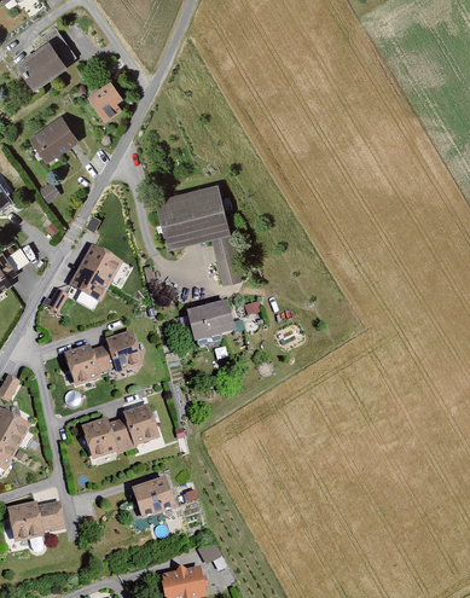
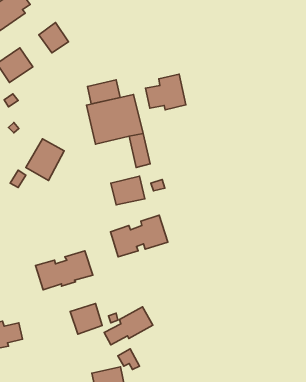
building: none -> [145,74,186,110]
building: none -> [88,80,120,104]
building: [64,327,144,385] -> [111,215,168,257]
building: none -> [104,307,153,345]

